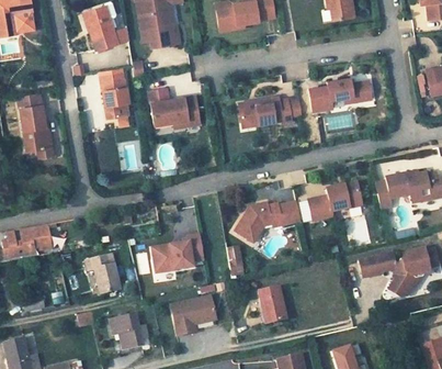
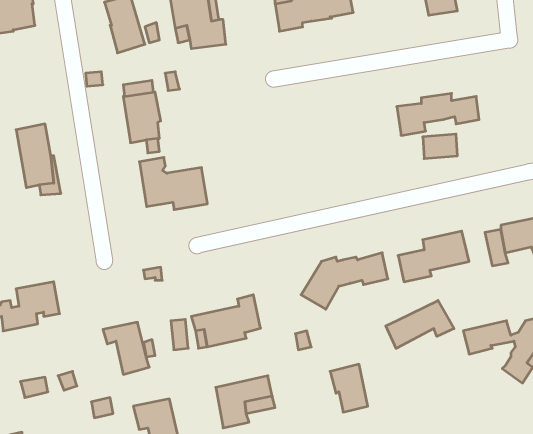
building: [148,90,200,130] -> [139,157,207,210]
building: [238,96,302,125] -> none
building: none -> [386,300,454,348]

